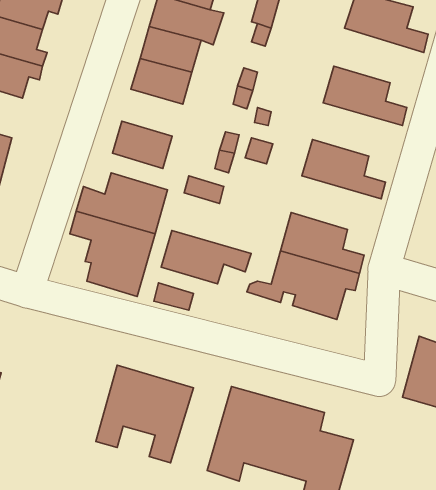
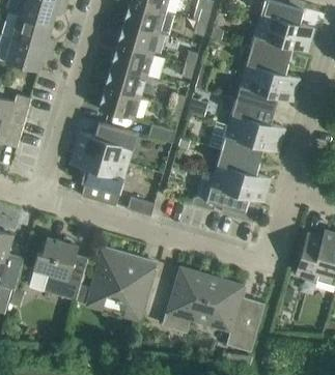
building: none -> [250,23,311,60]
building: none -> [106,64,147,96]
building: none -> [235,74,297,110]
building: [161,231,251,284] -> [221,123,282,160]
building: none -> [33,236,88,299]

